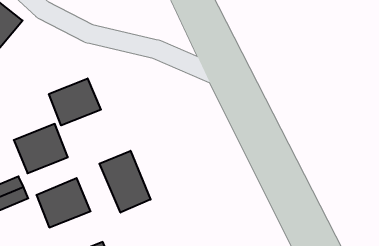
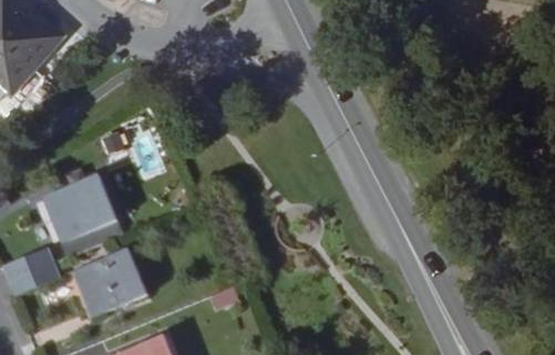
building: [49,78,101,125] -> none
building: [99,151,151,213] -> none

